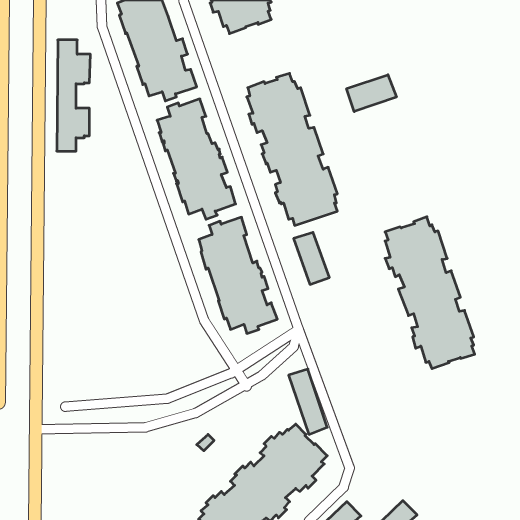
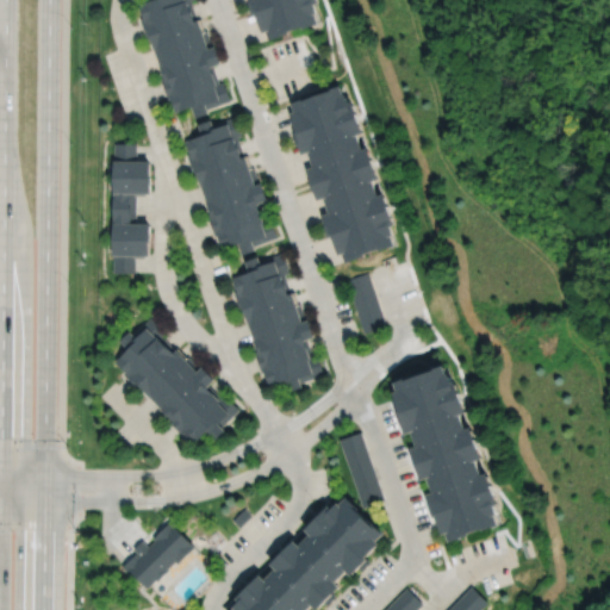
building: [57,40,90,151] -> [111,144,150,274]
building: [347,75,396,112] -> none
building: [385,217,475,369] -> [393,365,498,542]
building: none -> [113,318,238,444]
building: none -> [122,522,194,590]

